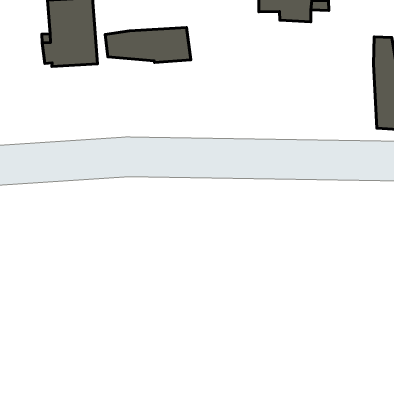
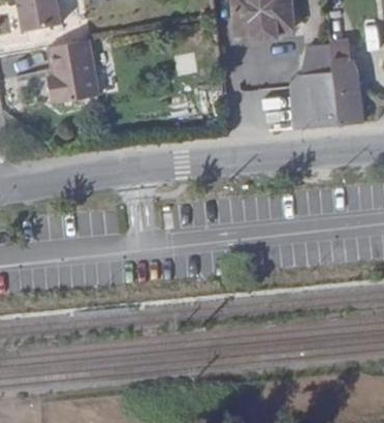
building: [105,27,191,62] -> none
building: none -> [294,69,344,128]

